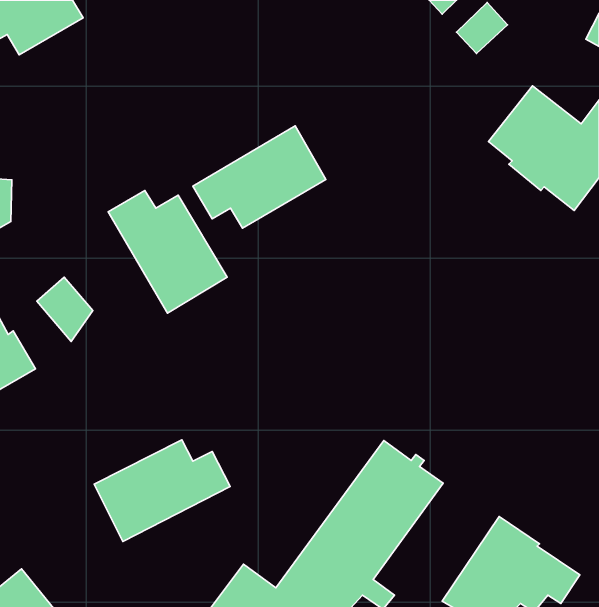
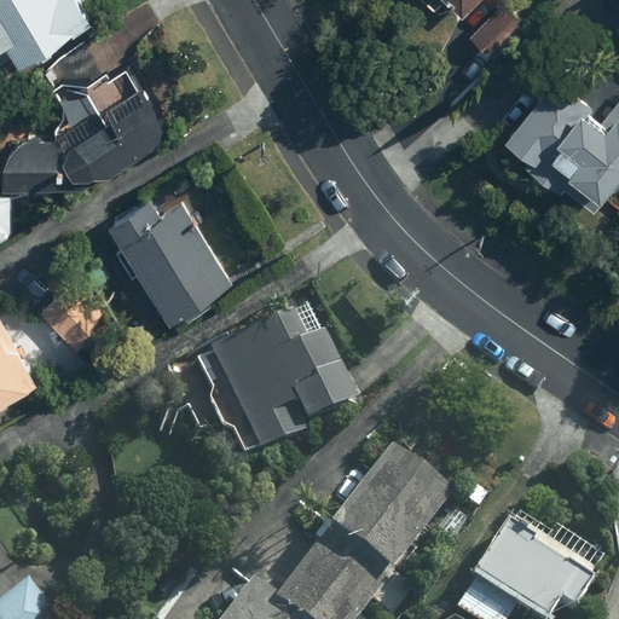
building: none -> [5,73,162,181]
building: [193,126,326,228] -> none
building: none -> [206,316,352,458]
building: [94,440,230,542] -> none

